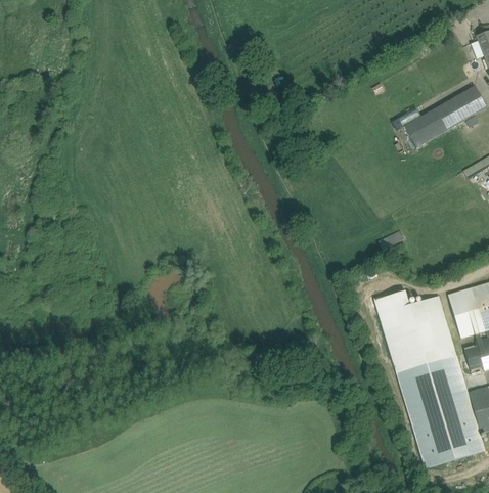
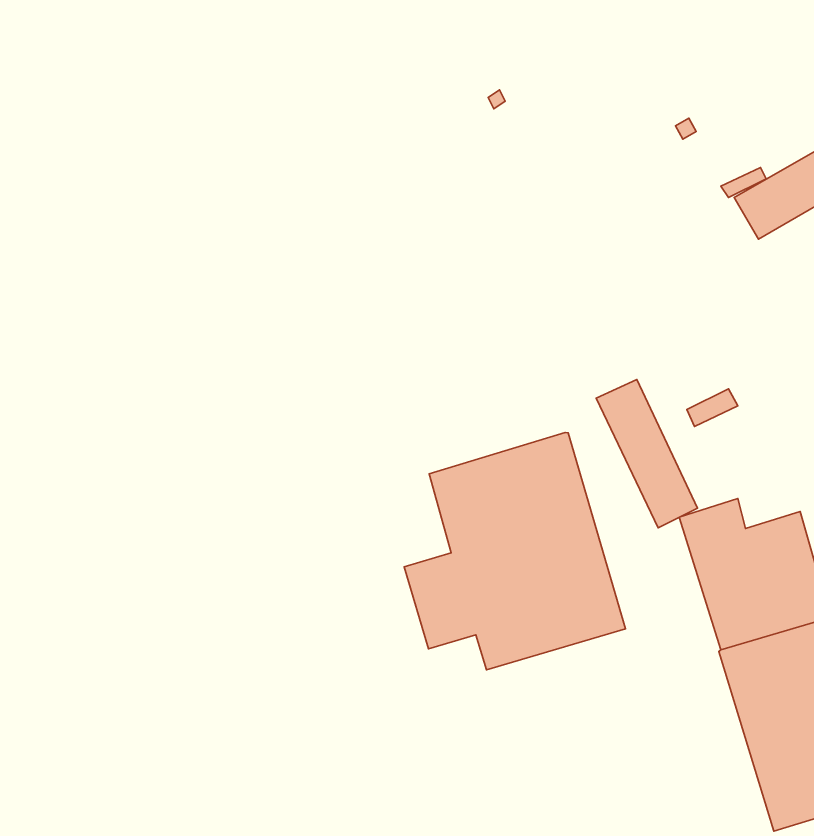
building: none -> [596,379,697,528]
building: none -> [404,433,626,670]

